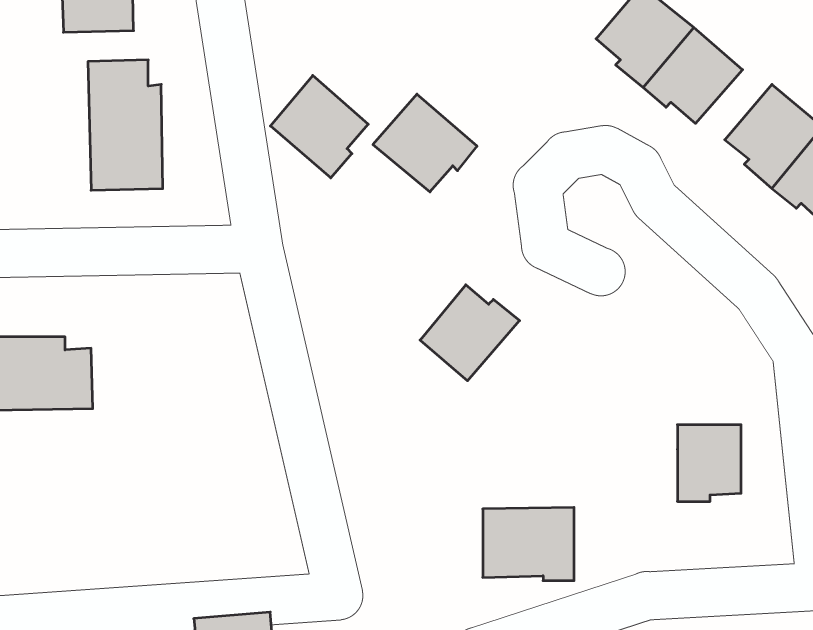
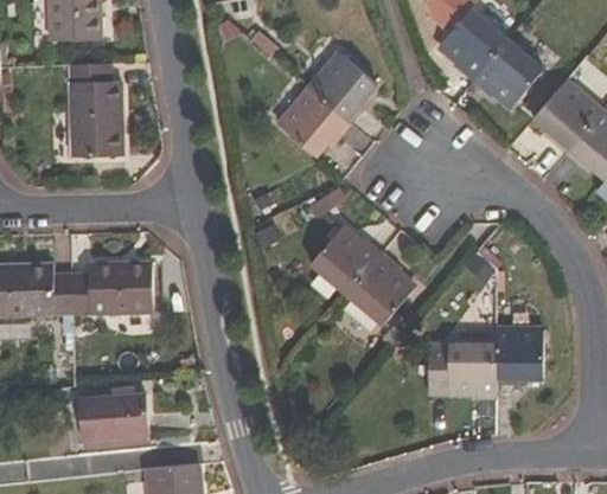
building: [270,75,368,178] -> [307,50,378,124]
building: none -> [344,251,415,326]
building: none -> [70,259,153,315]
building: [483,507,574,581] -> [430,345,497,398]
building: none -> [78,387,149,440]

